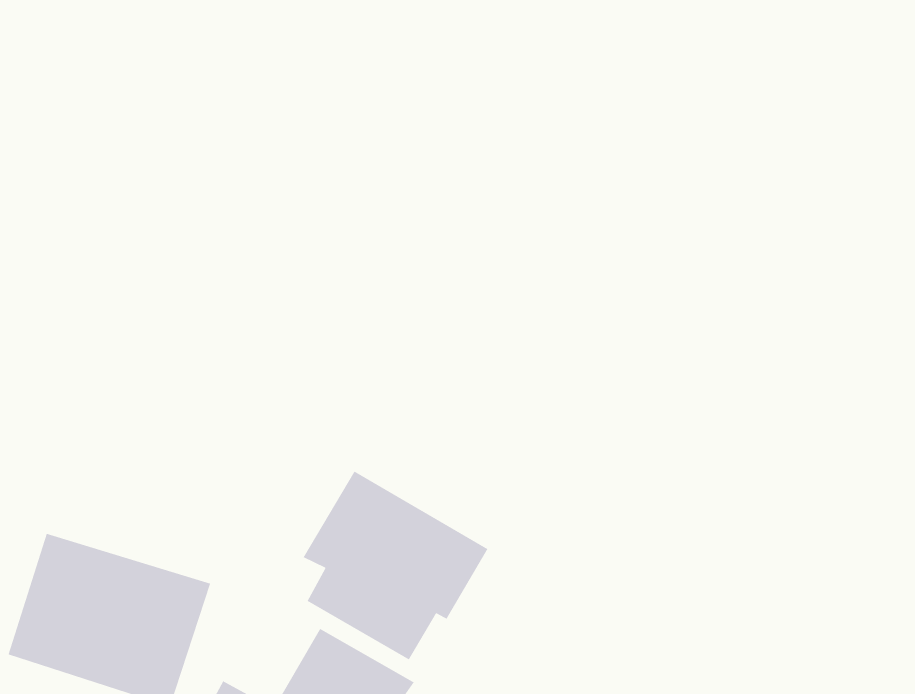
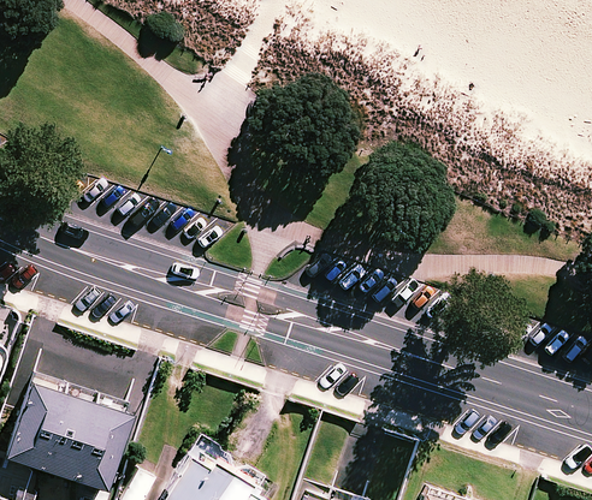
building: [303,471,489,660] -> none

